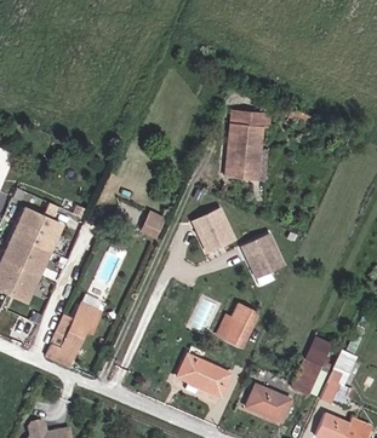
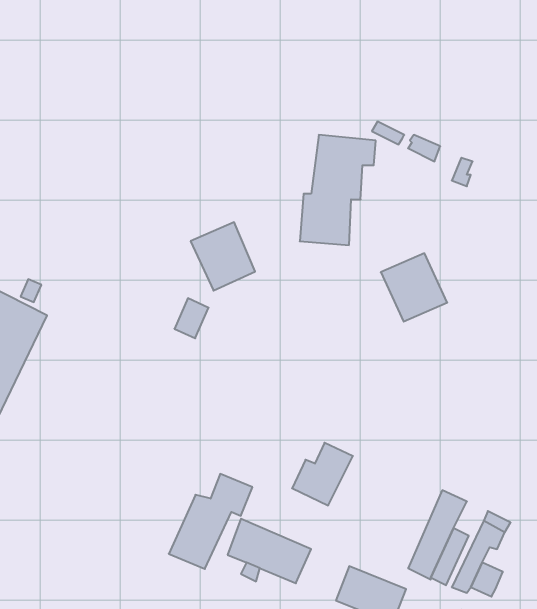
building: [195,209,236,253] -> [191,222,255,291]
building: [244,235,286,278] -> [381,253,447,322]
building: [46,304,99,364] -> [169,474,252,569]

